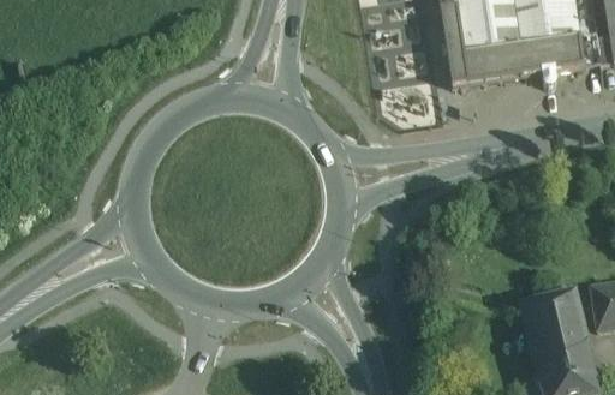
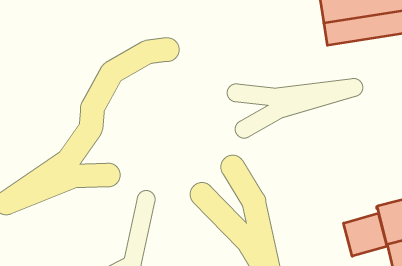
building: none -> [344,213,387,256]

